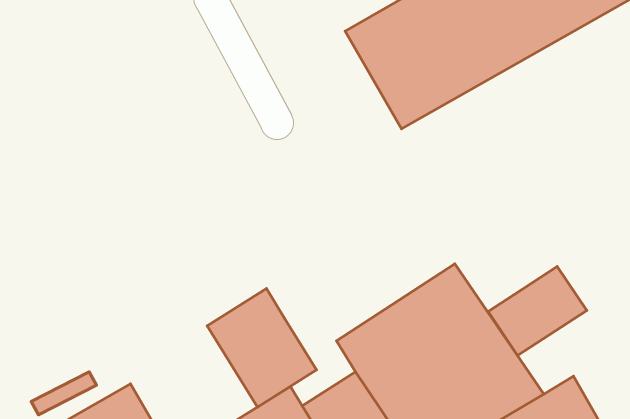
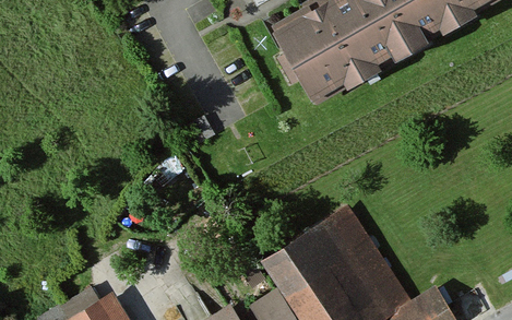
building: [488,266,587,355] -> none
building: [207,289,317,407] -> none

